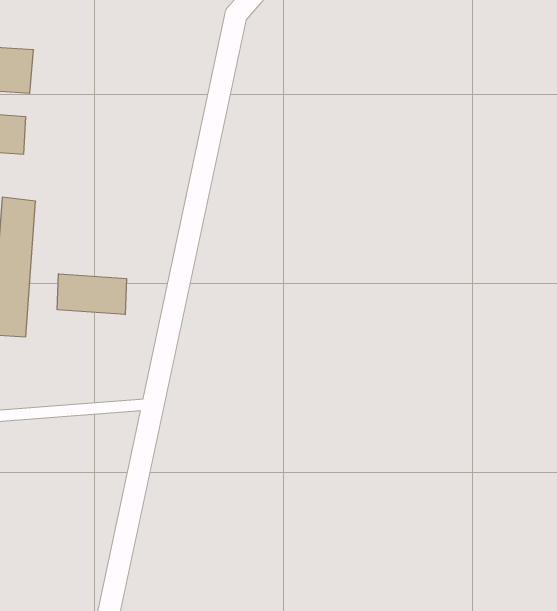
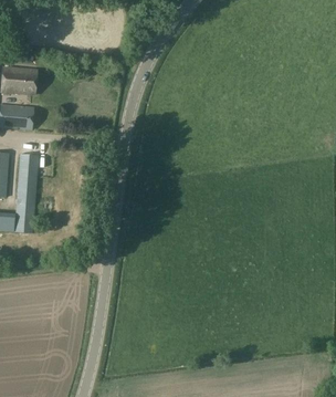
building: [57,274,126,315] -> none

